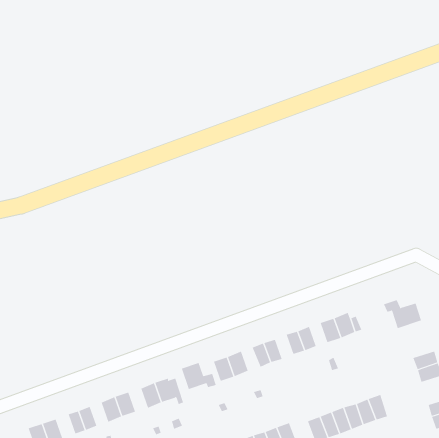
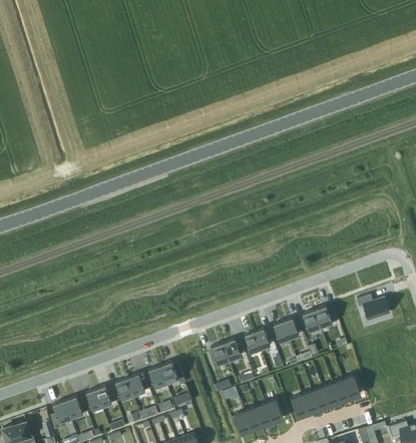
building: [181,362,216,390] -> none

